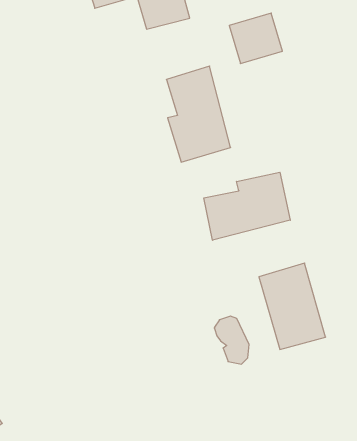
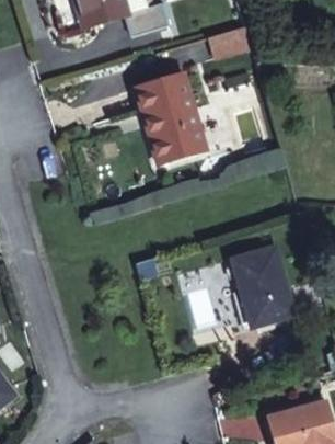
building: [204,172,290,240] -> none

